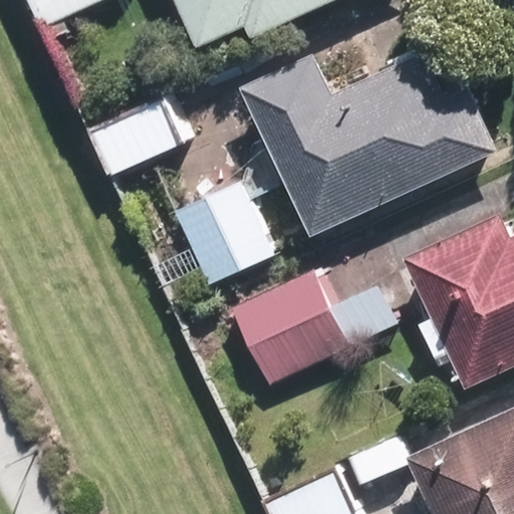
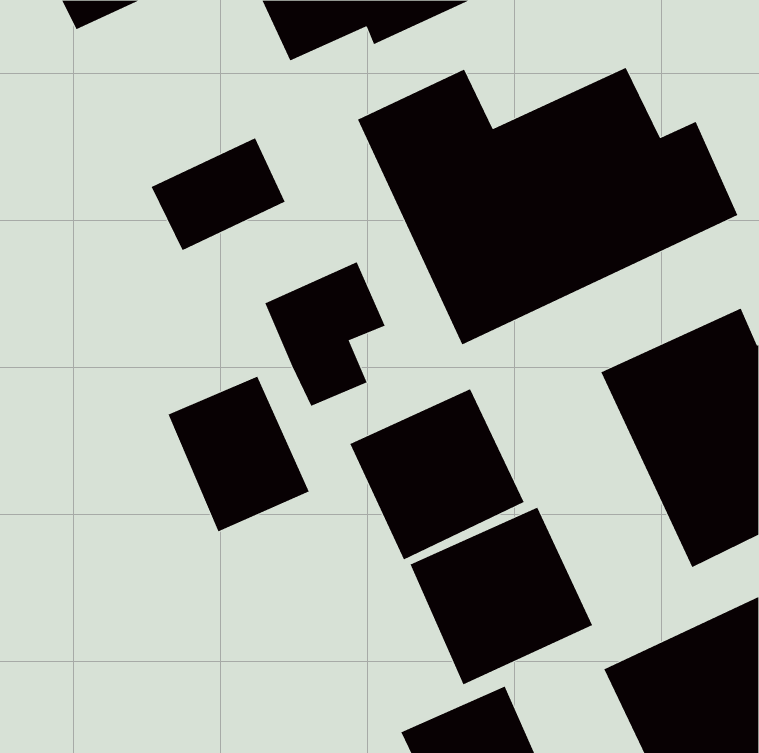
building: none -> [168,376,309,532]
building: none -> [410,507,593,685]

